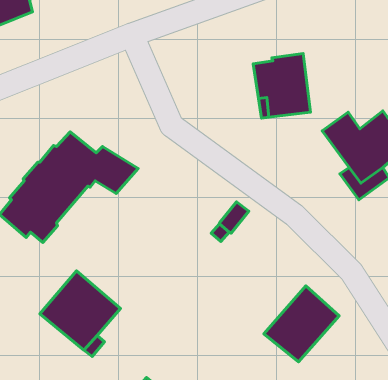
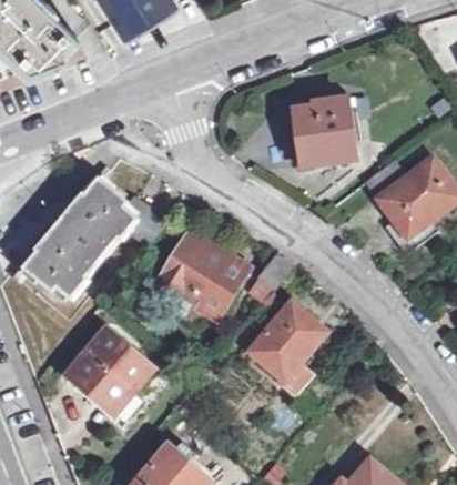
building: none -> [155,232,247,321]
building: [264,286,339,362] -> [245,300,325,381]

